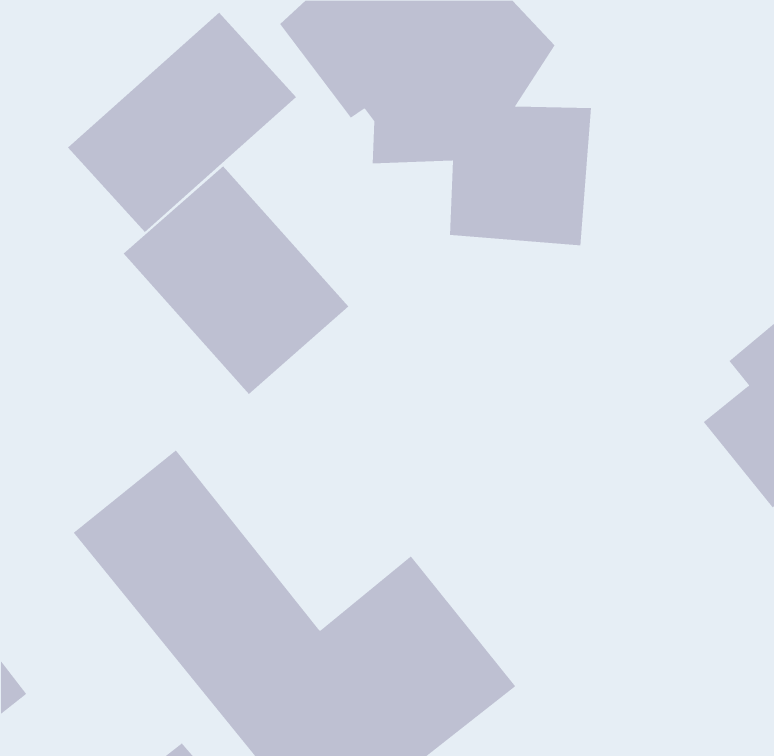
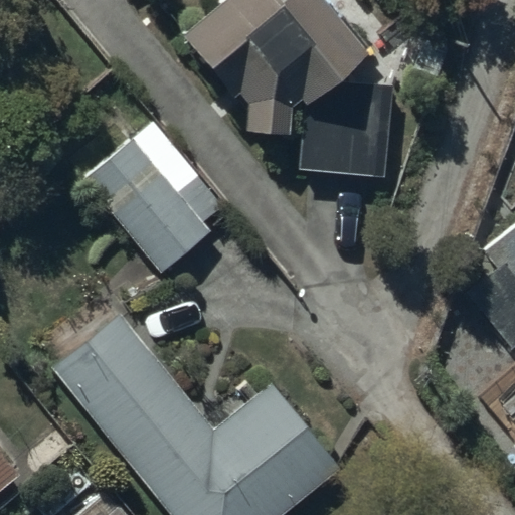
building: [67,12,297,233] -> none

